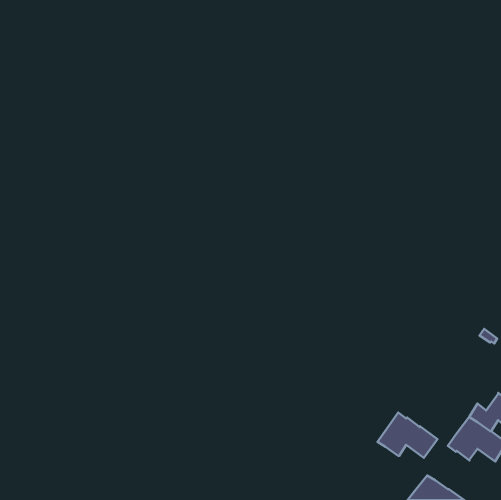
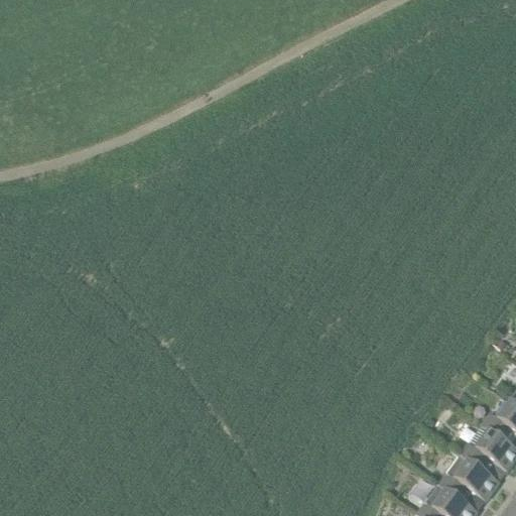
building: [377,412,438,458] -> [439,457,501,503]

